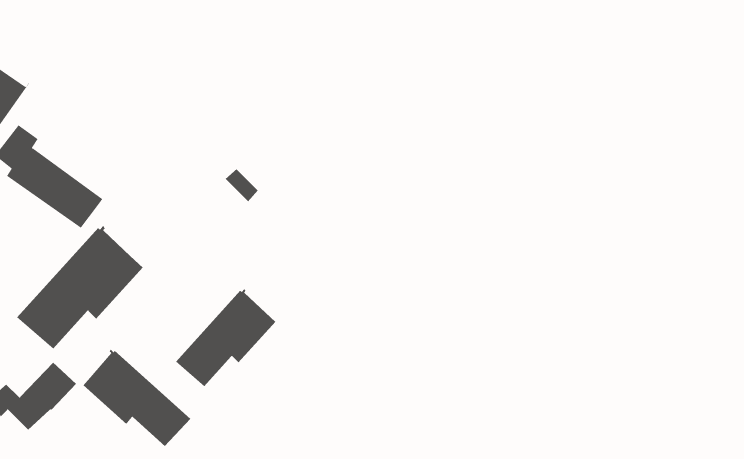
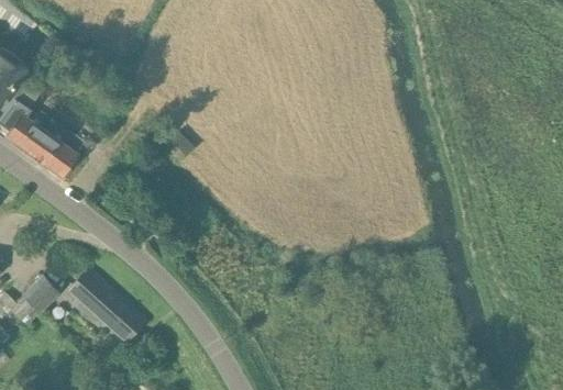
building: [16,225,143,349] -> none
building: [175,288,276,387] -> none

